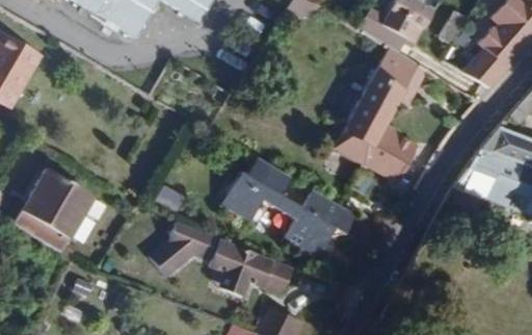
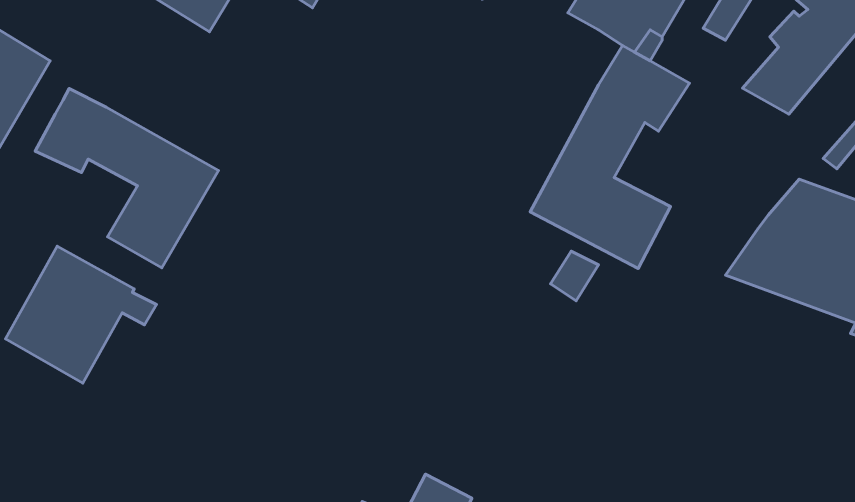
building: none -> [35,89,218,268]
building: [220,158,356,261] -> none
building: [150,226,288,294] -> none

